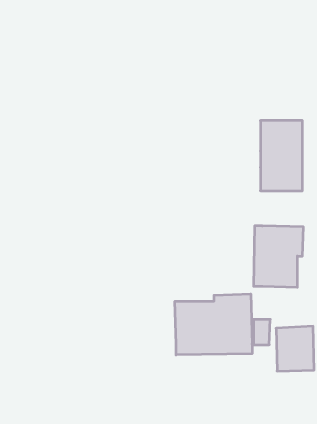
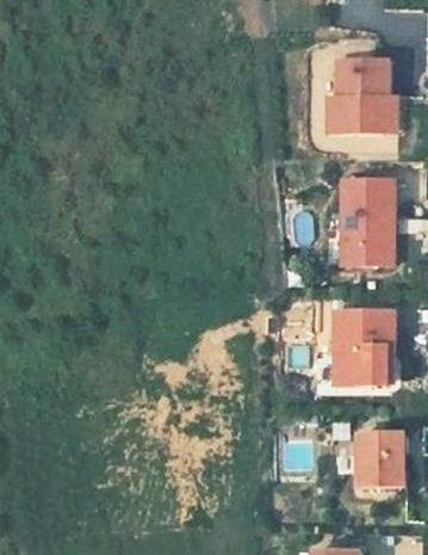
building: none -> [325,57,402,134]
building: [175,294,252,355] -> none

